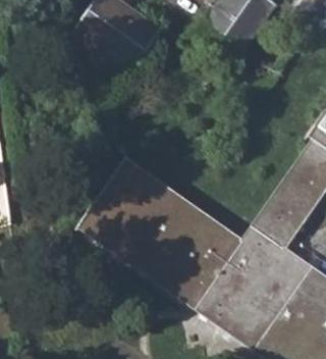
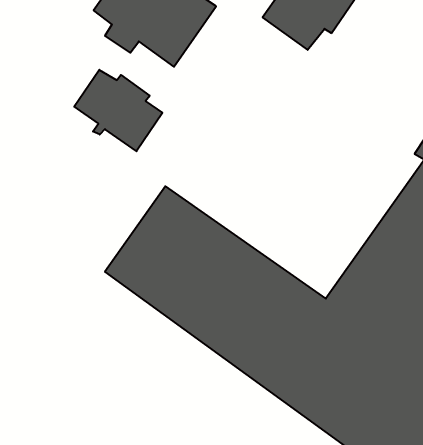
building: none -> [74,70,162,151]

